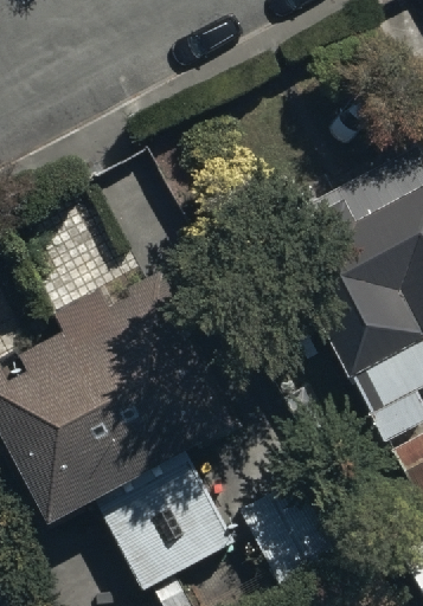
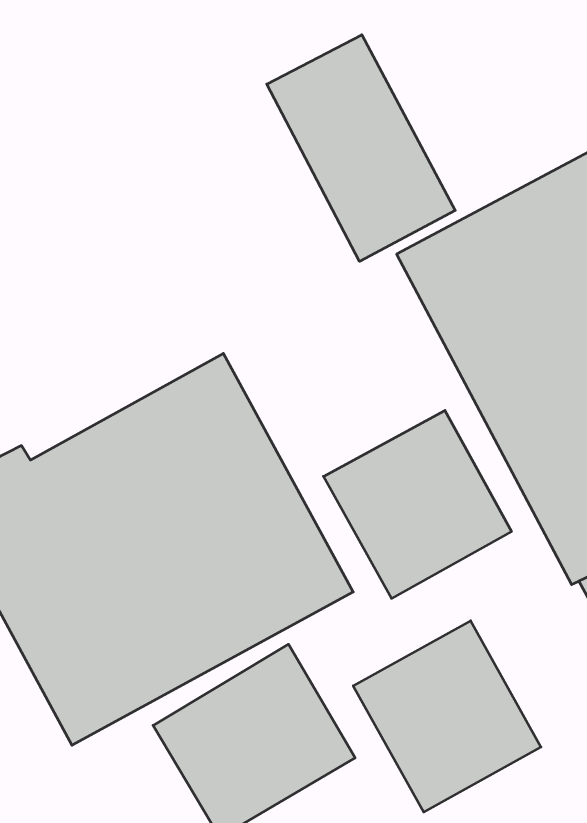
building: none -> [267,35,455,261]
building: none -> [323,410,511,598]

